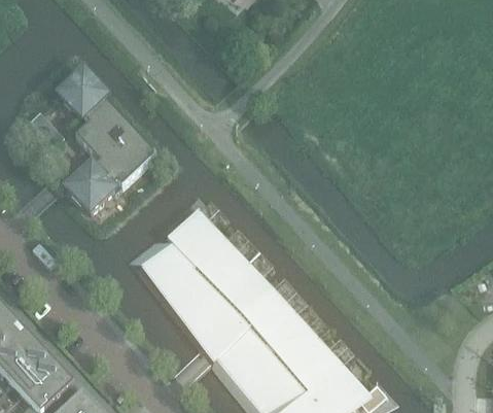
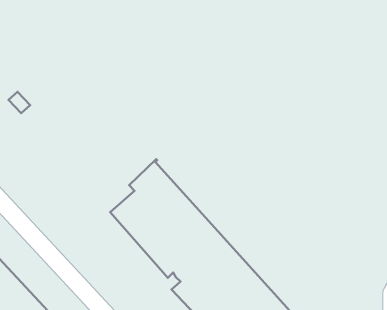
building: [61,70,157,211] -> none

